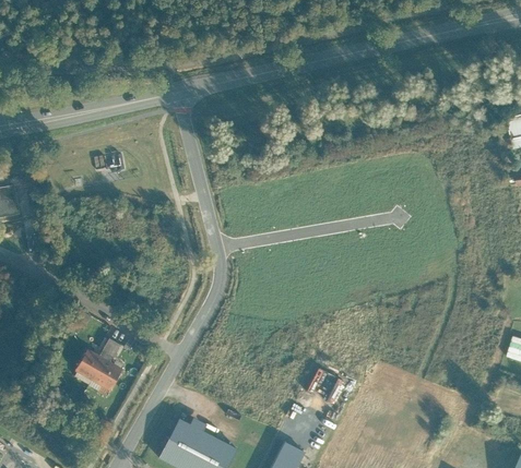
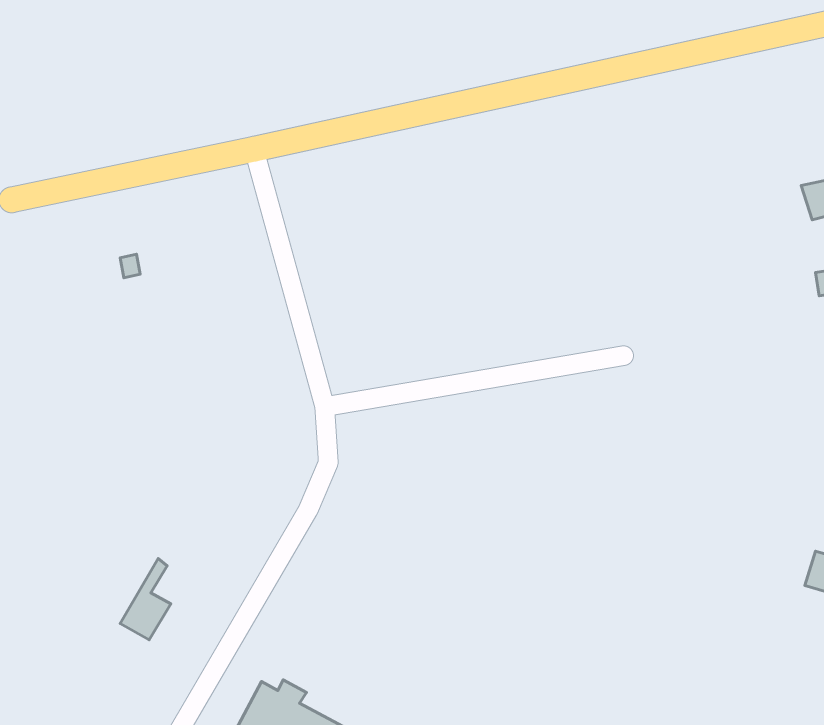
building: [75,337,116,380] -> none

